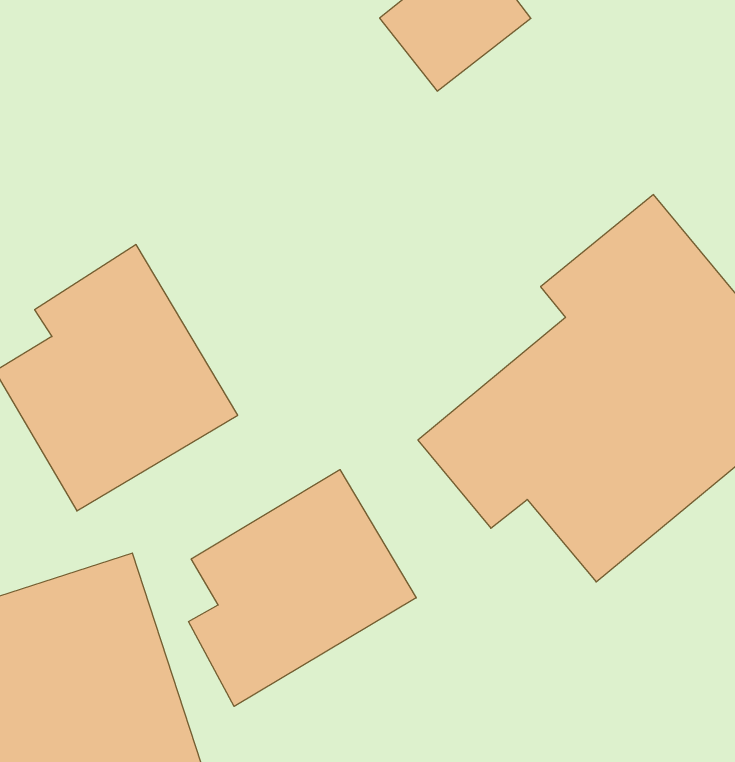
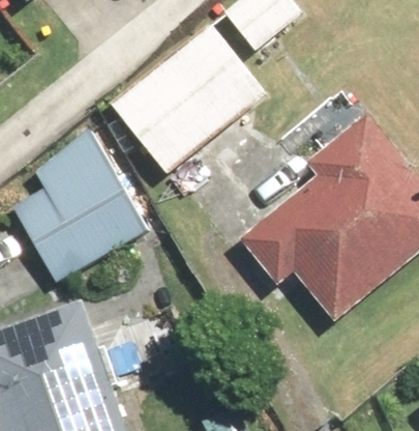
building: none -> [108,26,265,175]
building: [189,470,416,706] -> none

